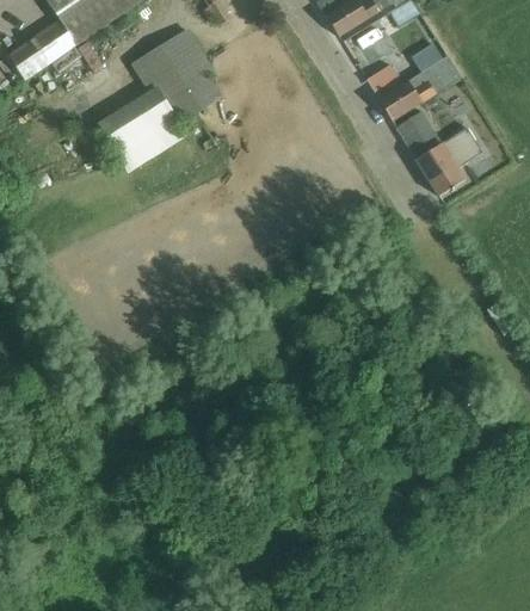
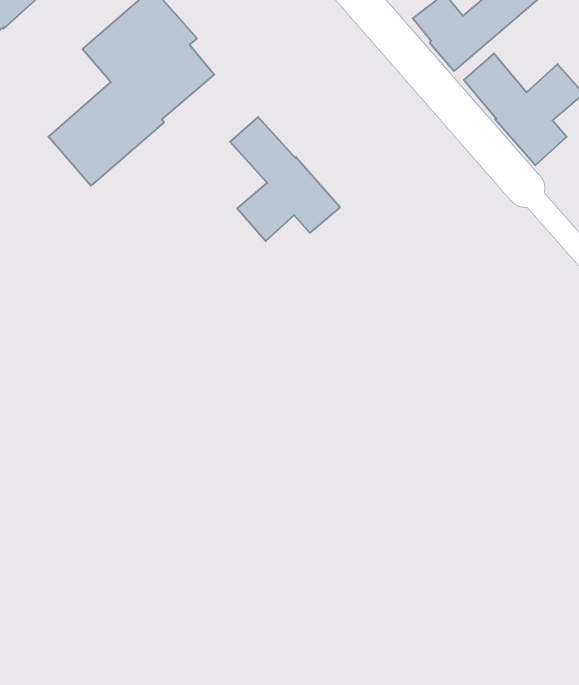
building: none -> [230,117,340,241]

